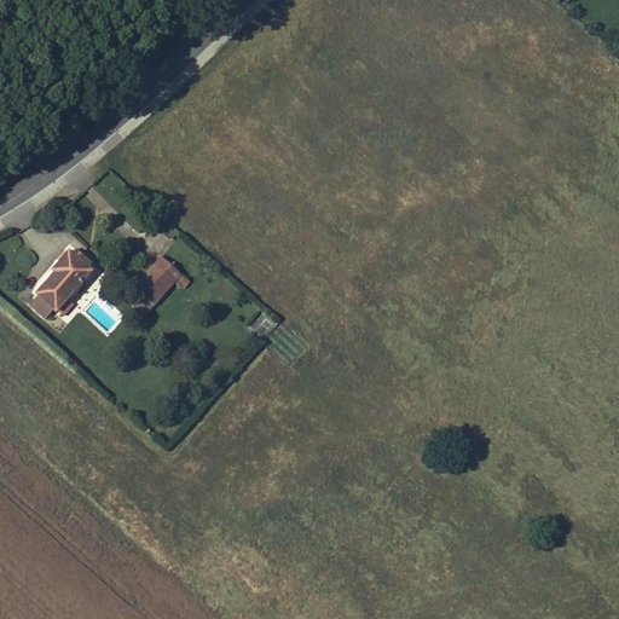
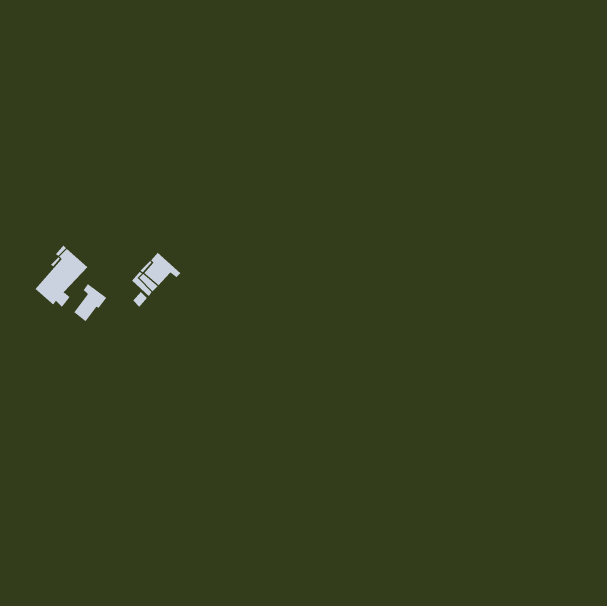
building: none -> [74,283,107,322]

